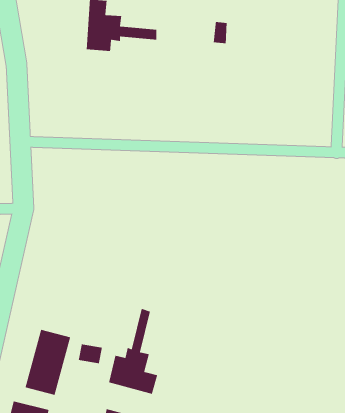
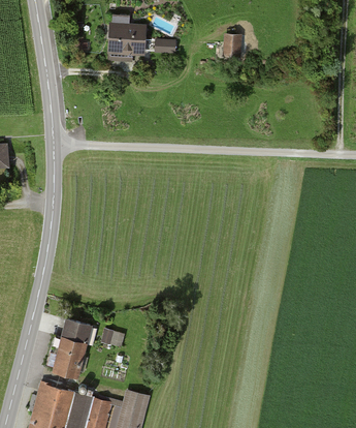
building: [108,308,158,395] -> none

